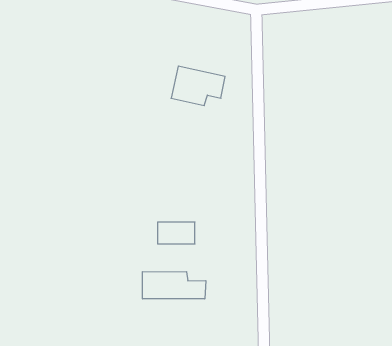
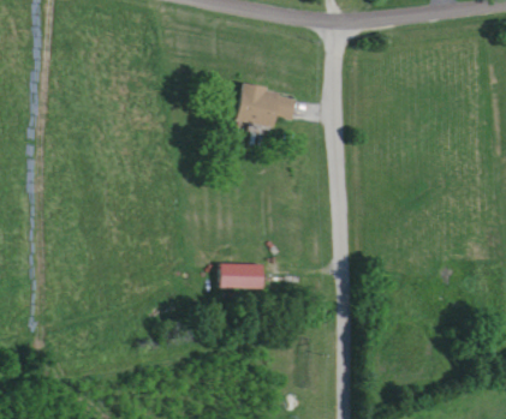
building: [142,272,206,299] -> none

